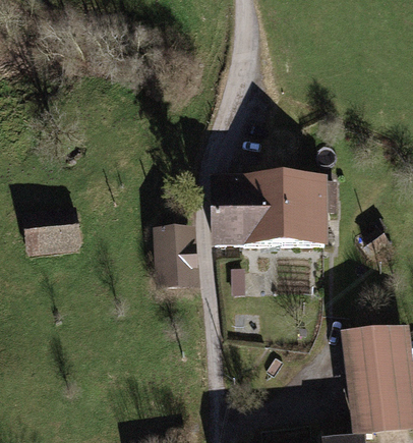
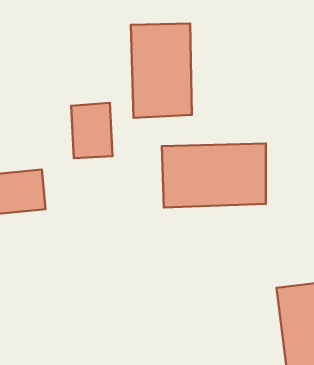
building: none -> [131,24,192,118]
building: [153,224,199,286] -> [71,103,113,158]

